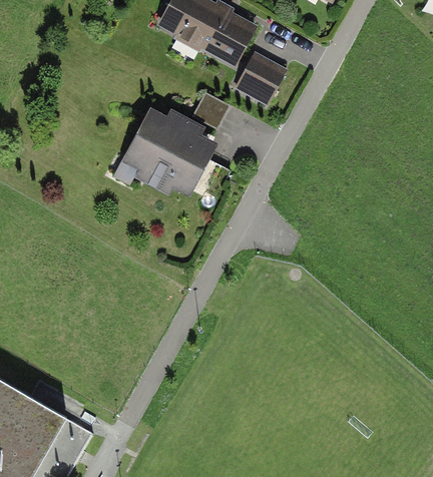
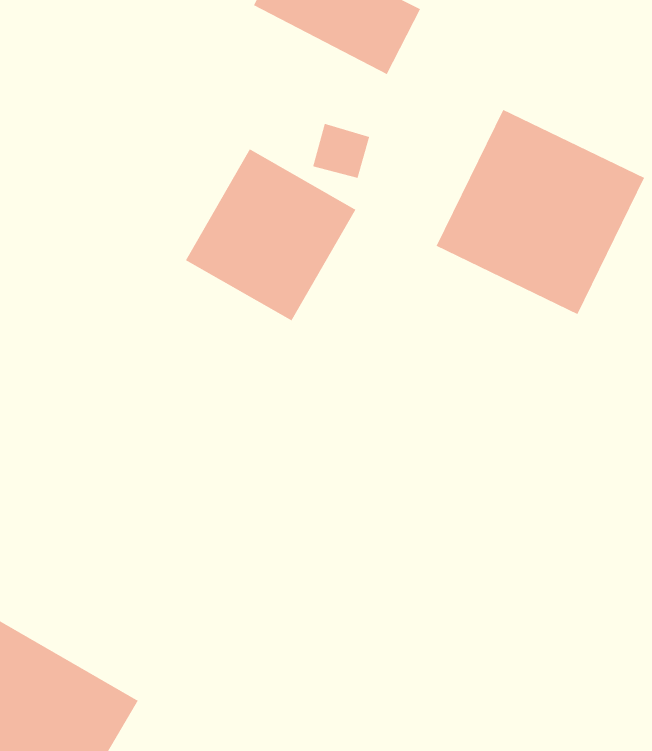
building: [235,57,282,105] -> none
building: none -> [436,109,645,315]

